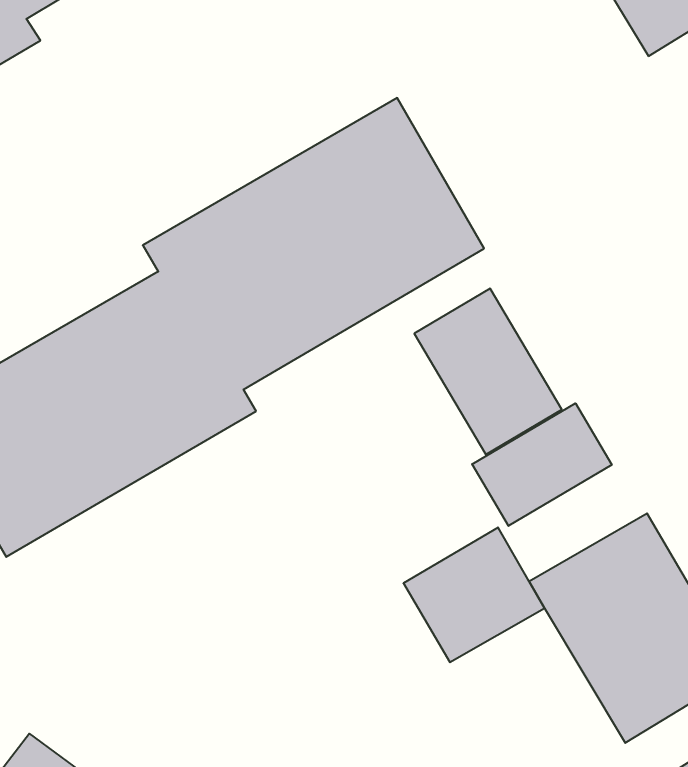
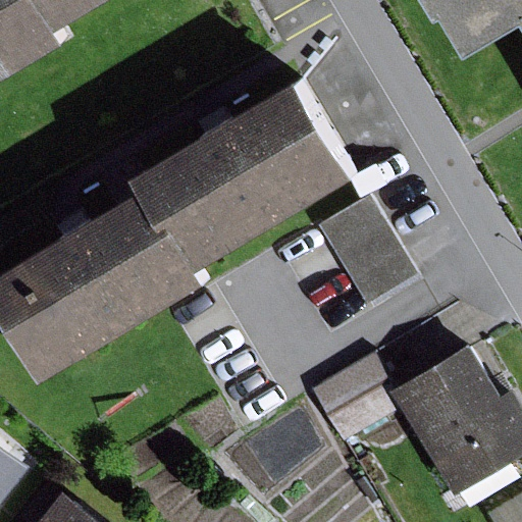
building: [472,403,612,526] -> none

